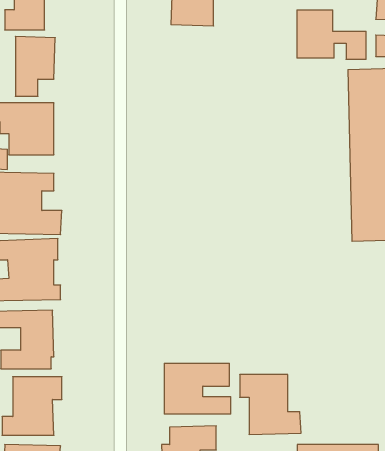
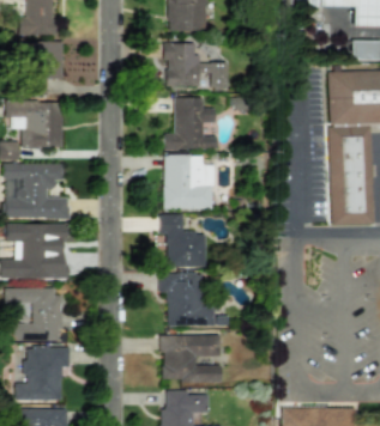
building: [297,10,366,59] -> [167,43,229,87]
building: none -> [165,97,218,150]
building: none -> [164,154,216,209]
building: none -> [162,214,207,267]
building: [240,375,301,434] -> [161,273,216,327]

